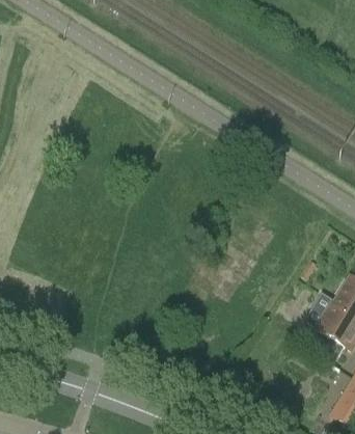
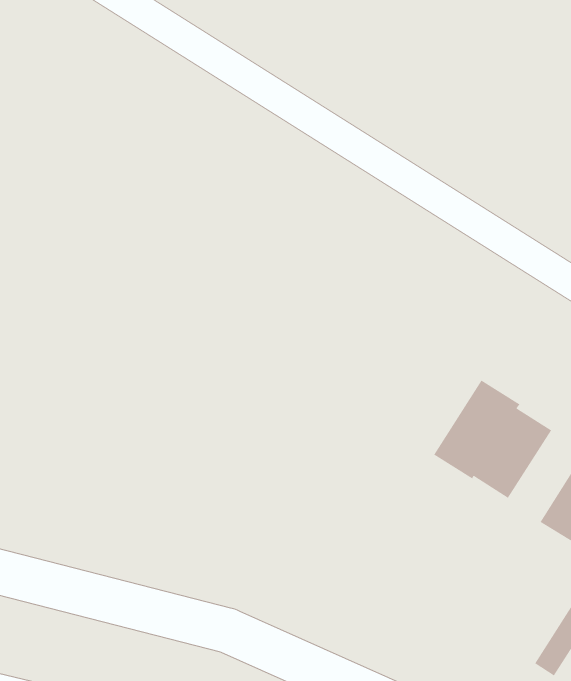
building: none -> [433,380,552,499]

